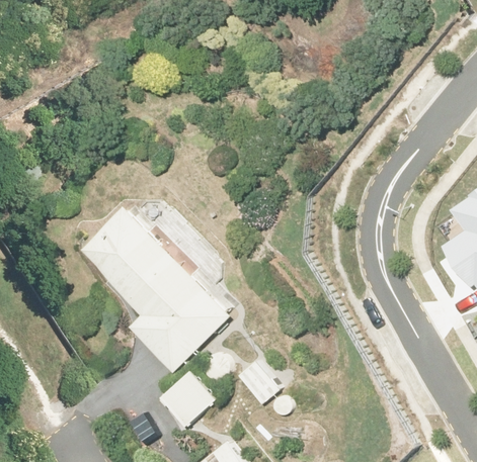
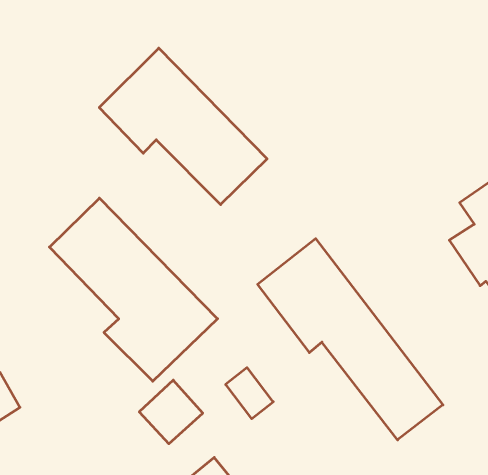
building: none -> [99,48,267,205]
building: none -> [258,239,443,440]

